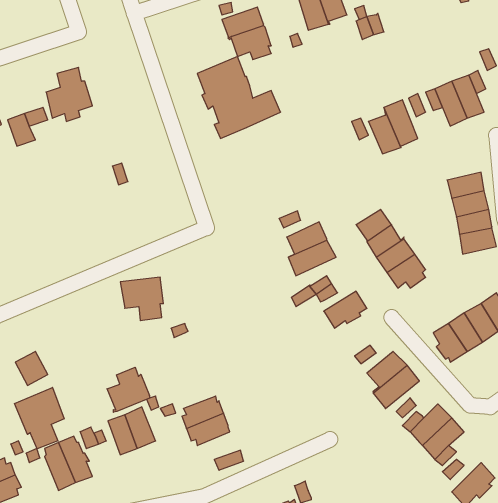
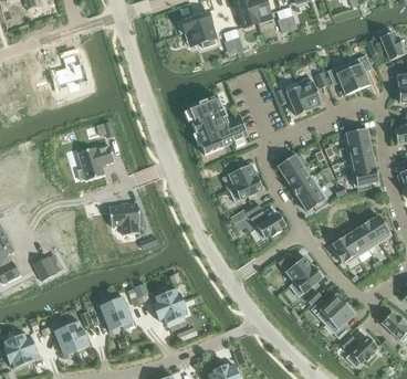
building: [197,57,281,138] -> [188,96,248,155]
building: none -> [77,146,114,180]
building: [107,367,149,412] -> none
building: [14,387,64,449] -> none

